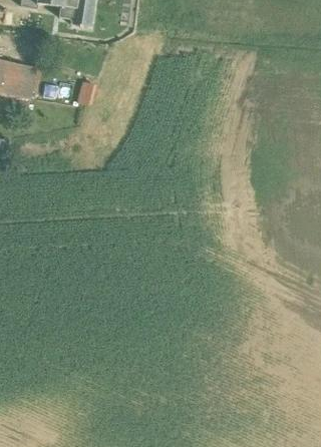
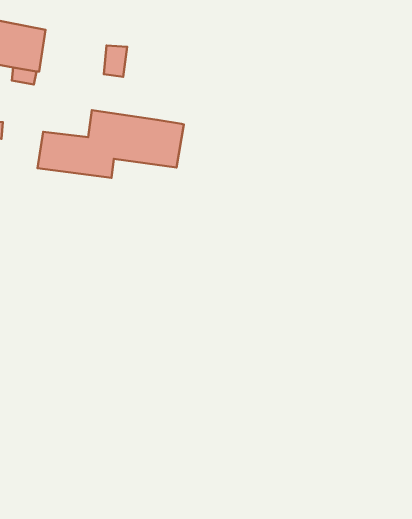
building: none -> [38,110,184,178]

